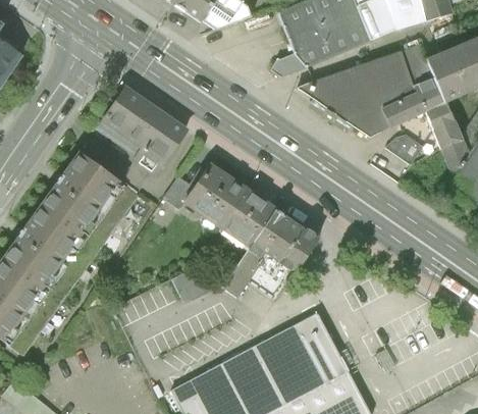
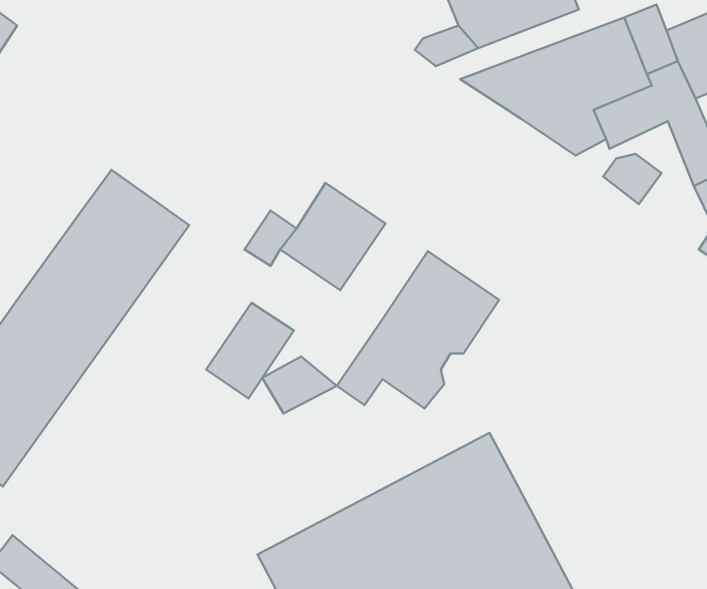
building: [92,84,185,177] -> none
building: [221,180,276,241] -> [206,303,294,399]

